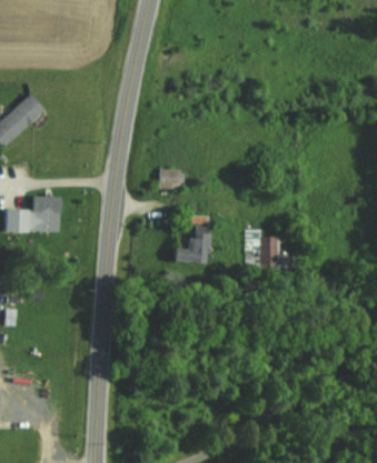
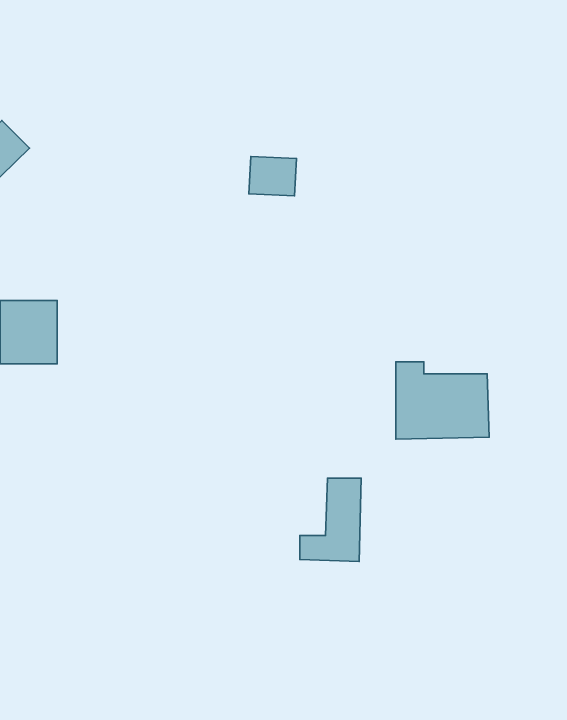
building: [157,169,183,191] -> [249,156,296,196]
building: [171,215,206,262] -> [300,478,361,561]

